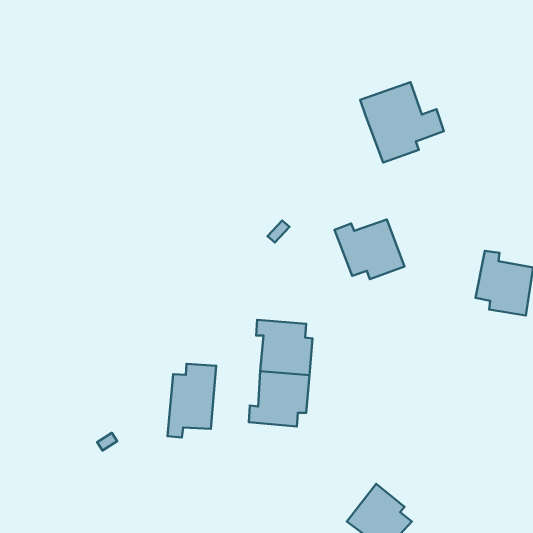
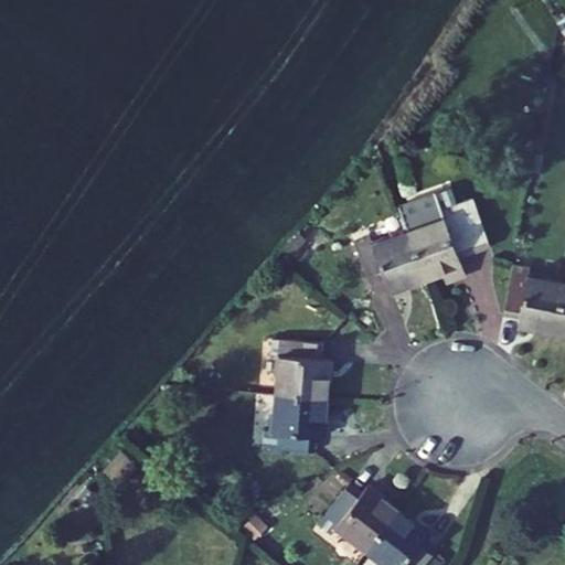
building: [360,82,444,163] -> [403,198,491,282]
building: [168,364,216,437] -> none
building: none -> [317,484,397,552]

